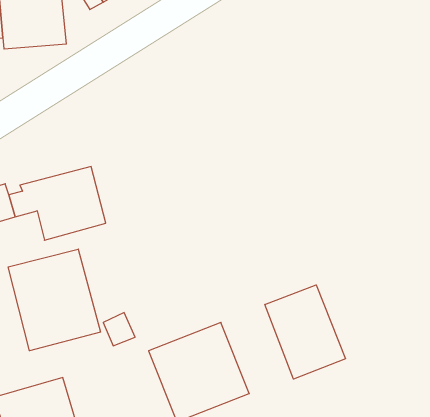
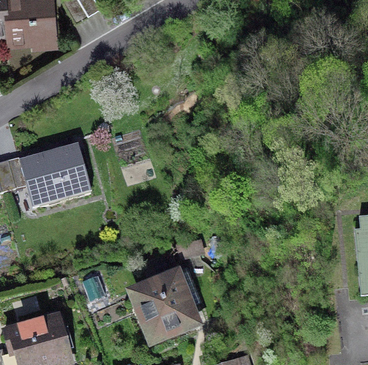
building: [8,249,100,351] -> none
building: [265,285,345,379] -> none

